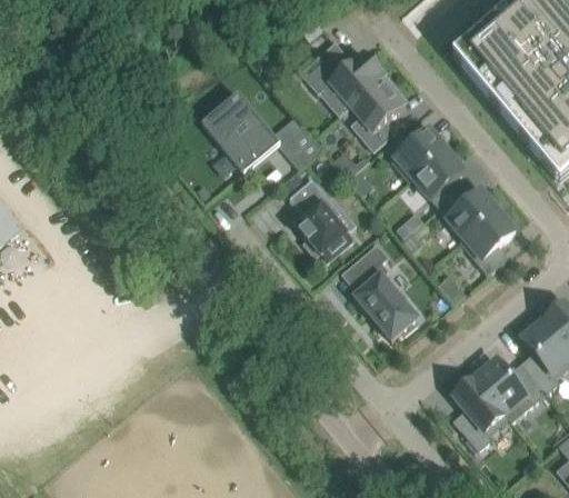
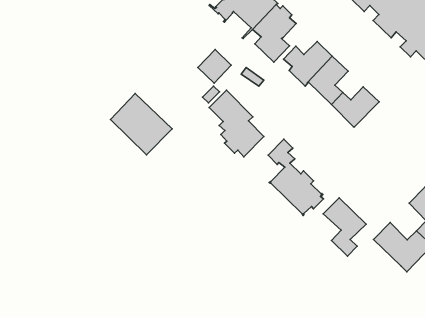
building: [206,92,280,169] -> [110,93,172,155]
building: [459,209,515,272] -> none
building: [453,377,505,449] -> [323,198,366,256]

